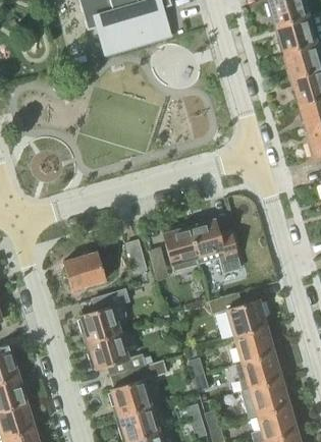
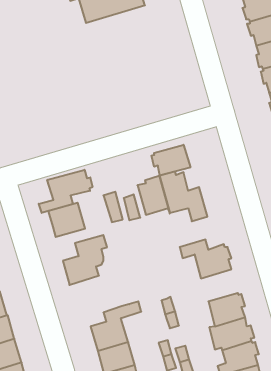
building: none -> [151,145,190,175]
building: none -> [39,170,92,213]
building: [232,326,276,362] -> none
building: [87,333,145,376] -> none

